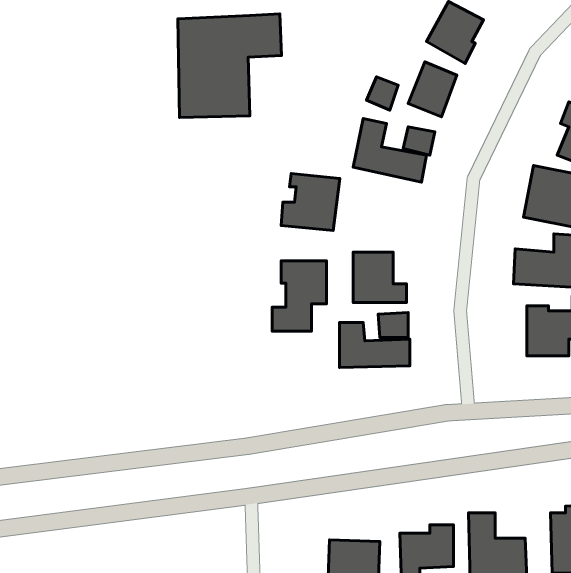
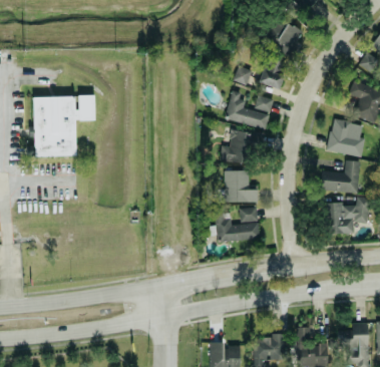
building: [178,14,282,117] -> [33,94,95,156]
building: [281,174,340,230] -> [222,129,257,163]
building: [272,261,327,331] -> none

